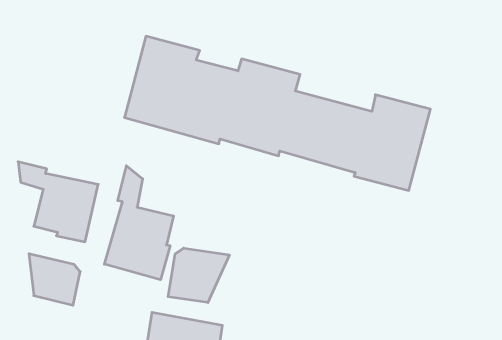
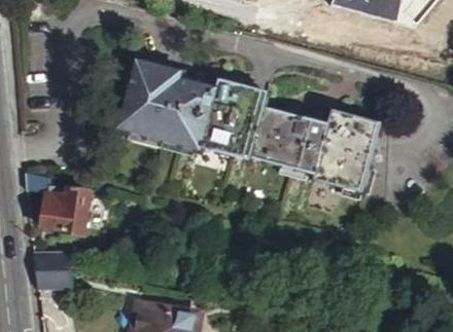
building: [104,166,174,280] -> none
building: [168,248,229,303] -> none

